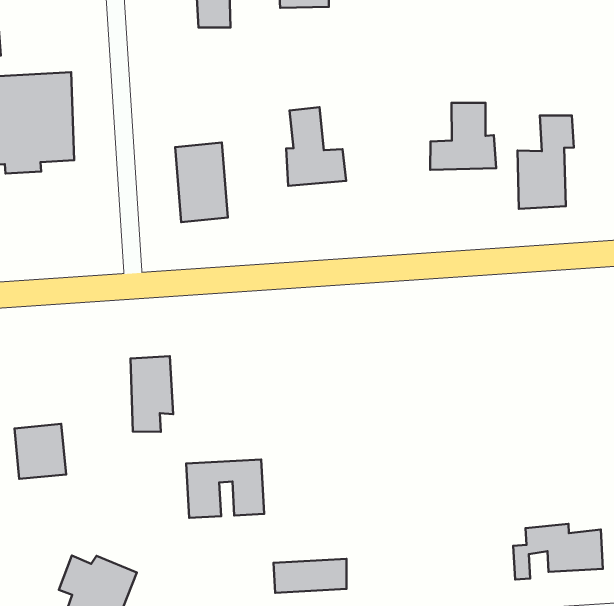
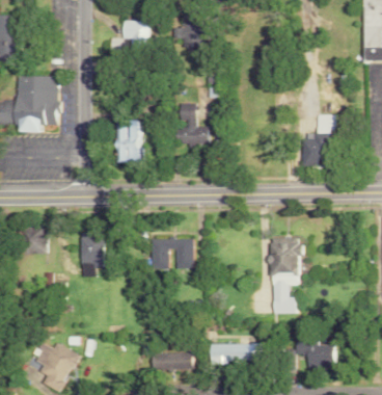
building: [430,103,496,170] -> none
building: none -> [271,238,300,314]
building: [15,424,66,479] -> [22,226,49,255]
building: [186,459,264,518] -> [154,239,195,269]
building: none -> [211,344,262,364]

